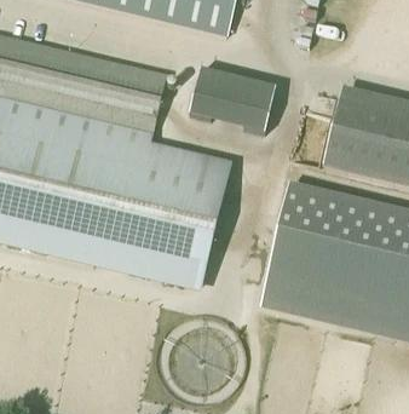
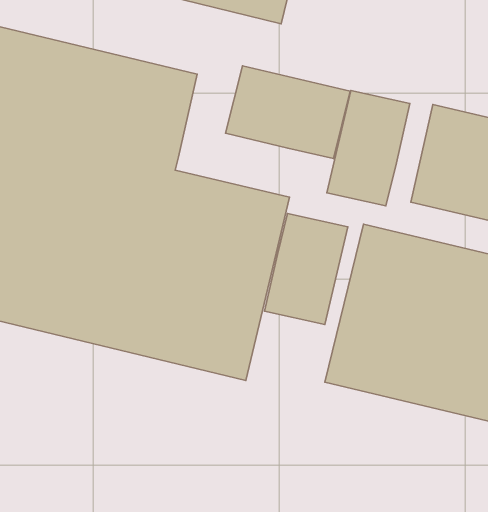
building: none -> [327,91,410,206]
building: none -> [264,214,348,324]

